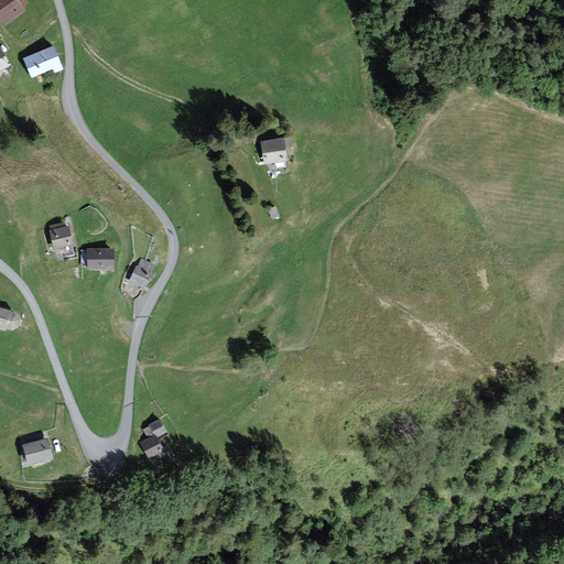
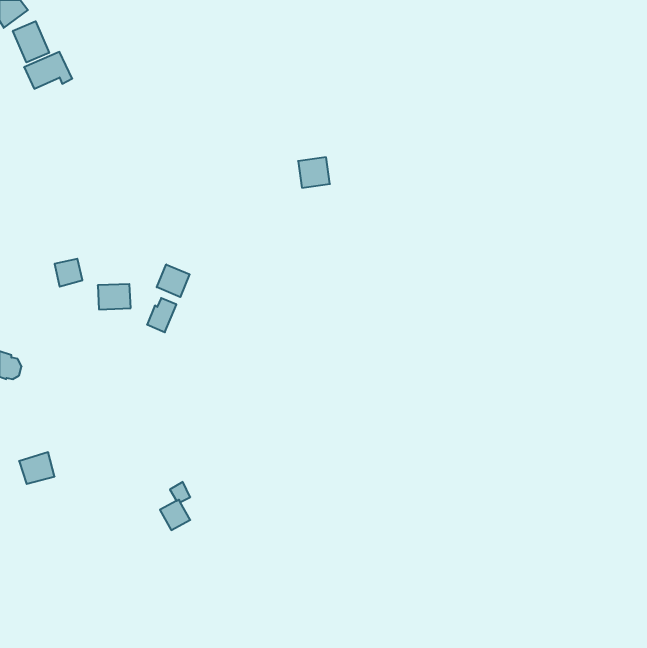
building: none -> [13,21,49,62]
building: none -> [157,264,190,297]
building: [21,436,52,464] -> [19,452,55,484]

